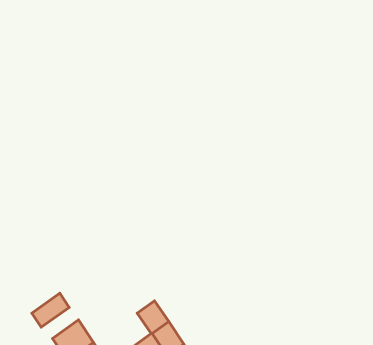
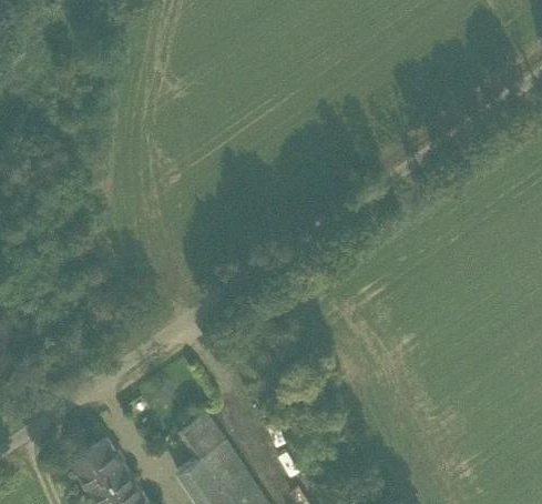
building: [32,293,69,327] -> none

